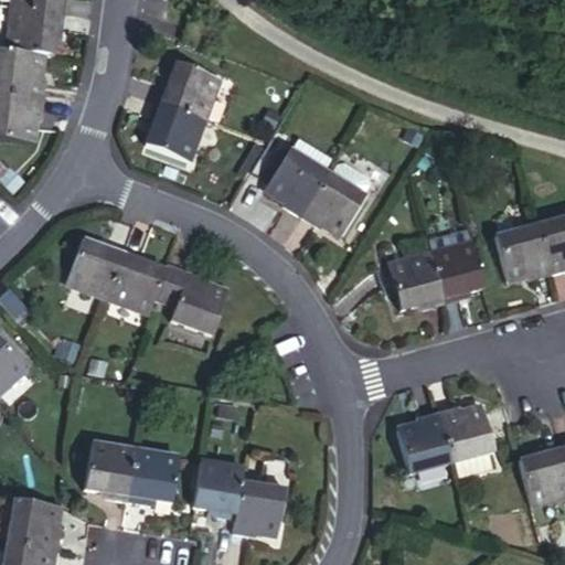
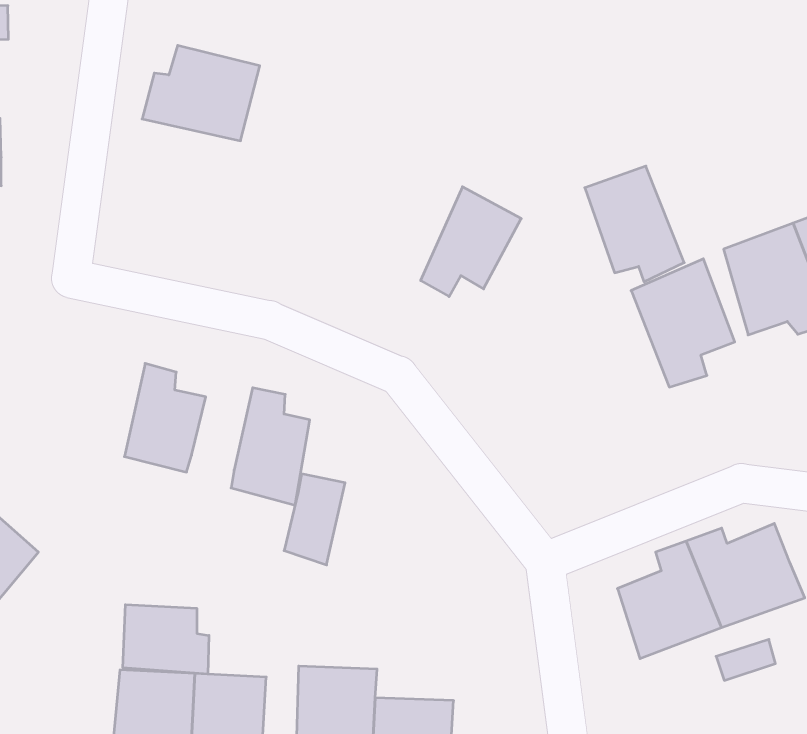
building: [132,99,201,152] -> none
building: [268,142,335,221] -> none
building: [393,243,449,315] -> [585,166,684,282]
building: [57,244,125,308] -> none
building: [147,266,190,324] -> [284,474,345,565]
building: none -> [123,605,209,674]

